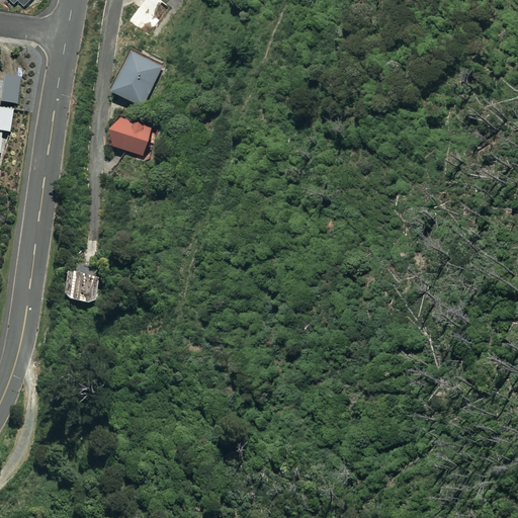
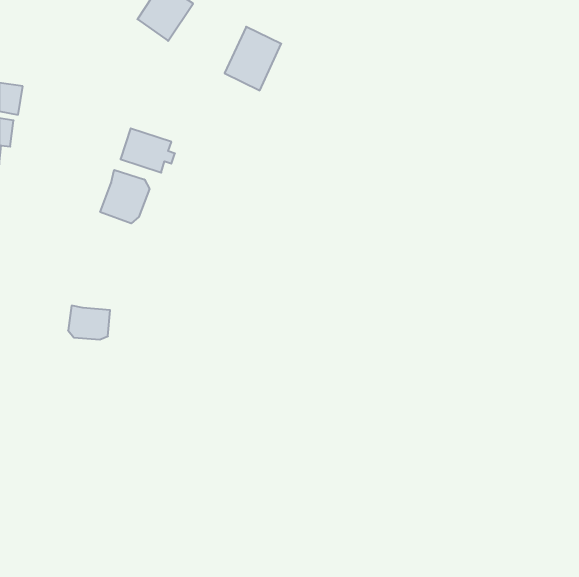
building: [112,48,163,104] -> [225,27,281,90]
building: none -> [100,170,149,223]

